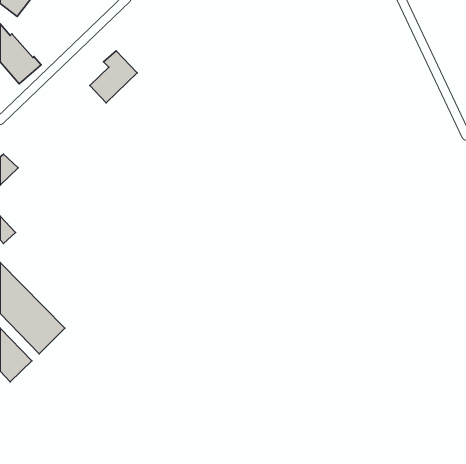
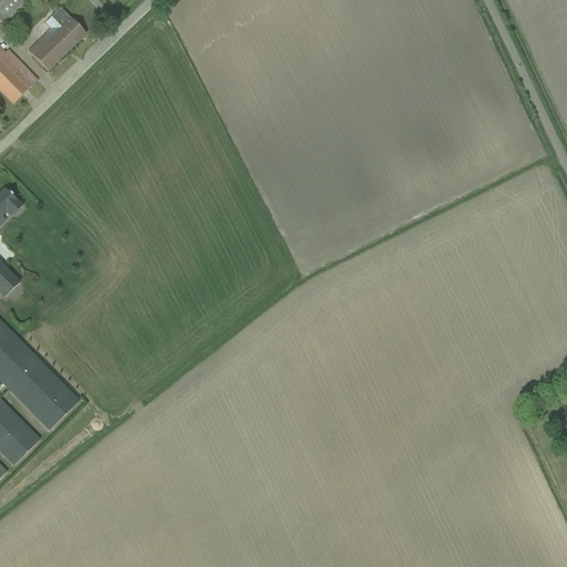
building: [90,51,137,103] -> [25,7,83,70]

